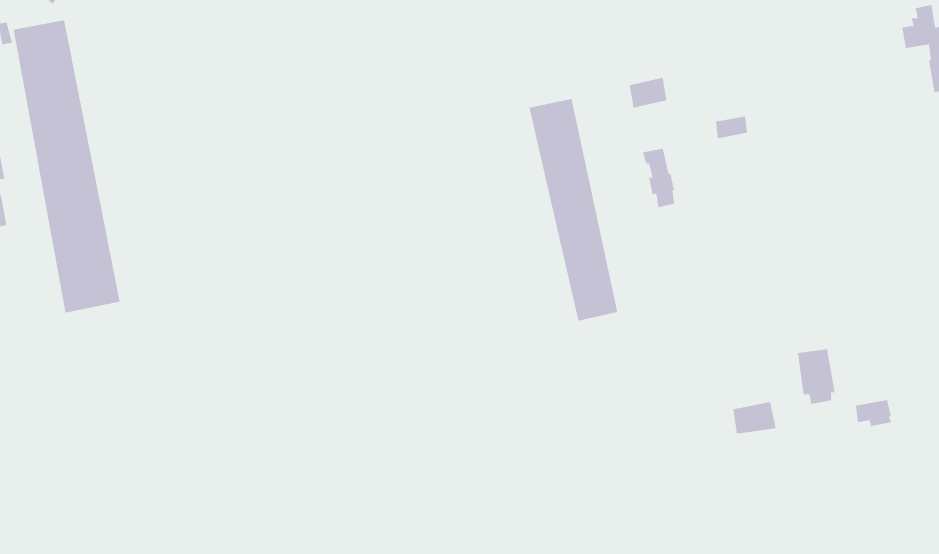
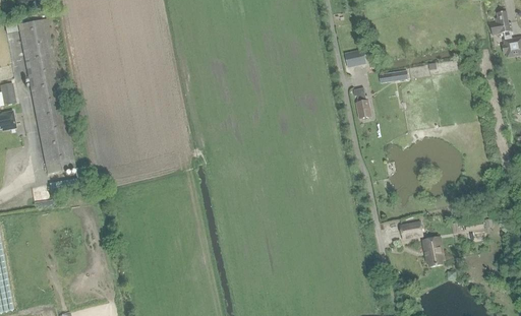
building: [529,98,618,322] -> none
building: [797,349,836,404] -> [423,237,444,266]

